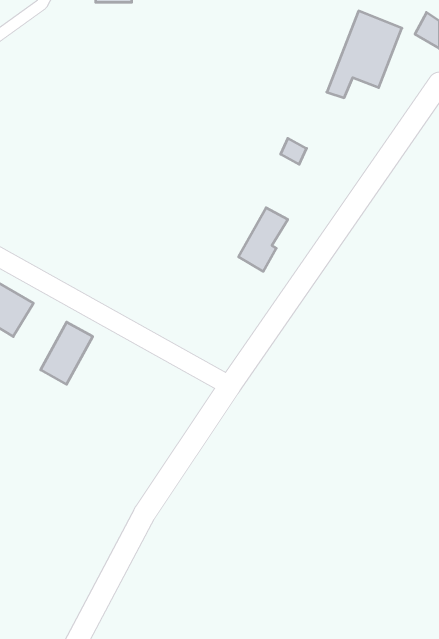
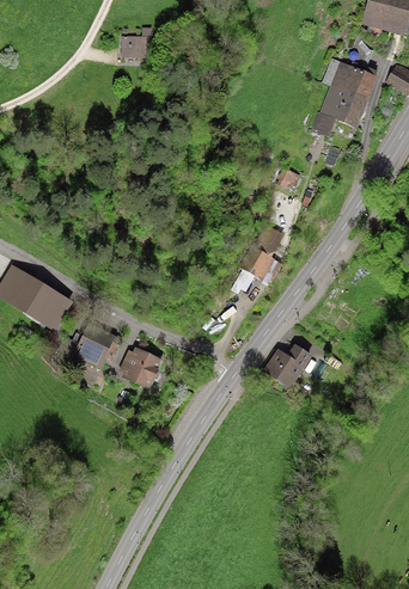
building: none -> [263,344,310,386]
building: none -> [122,348,165,389]

